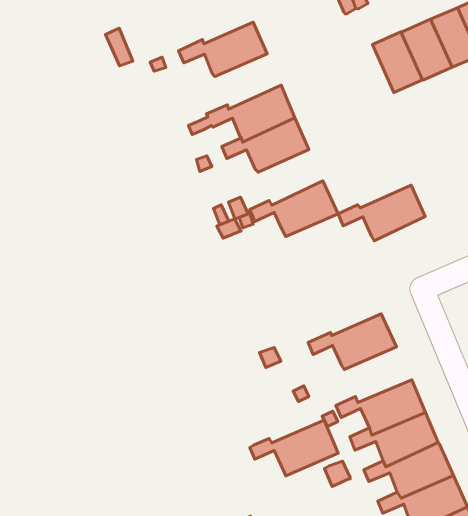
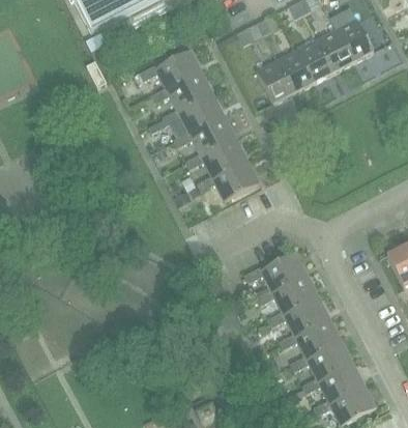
building: none -> [256,59,294,104]
building: none -> [144,70,213,112]
building: [338,185,425,241] -> [185,137,247,178]
building: [250,420,338,476] -> [256,274,319,315]

